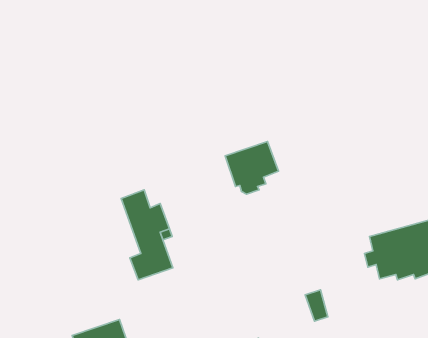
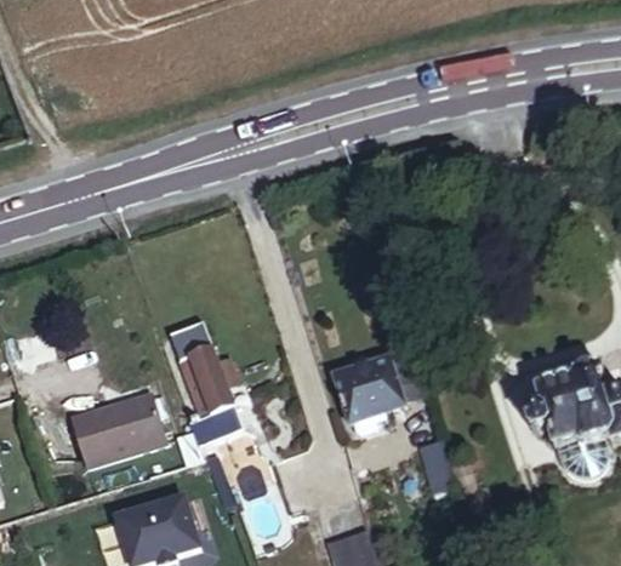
building: [225,142,279,194] -> [332,350,409,425]
building: none -> [65,400,159,468]

